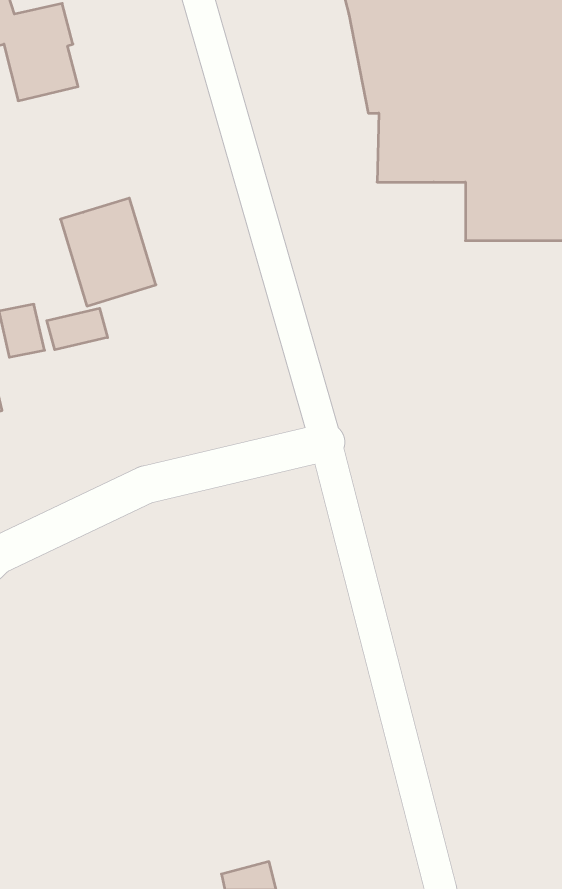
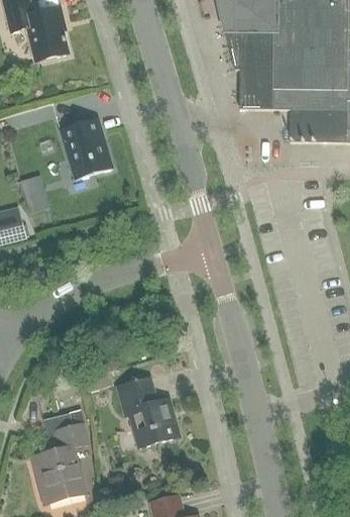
building: [47,308,108,350] -> none
building: none -> [115,377,181,447]
building: none -> [40,409,89,502]

